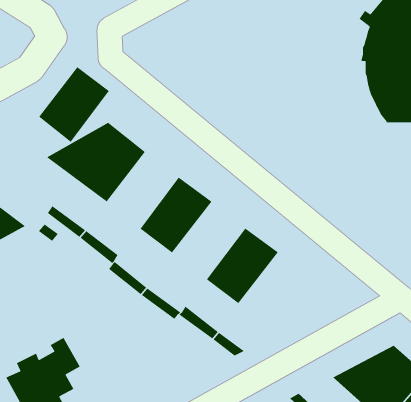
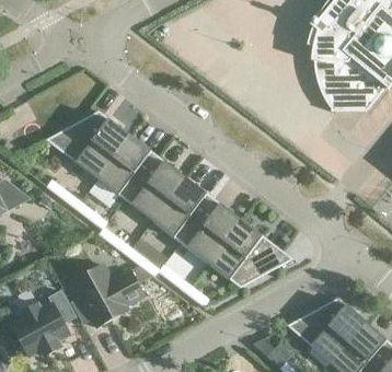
building: [38,66,110,143] -> [97,136,158,200]
building: none -> [152,177,214,243]
building: none -> [208,220,293,288]
building: none -> [76,265,145,327]

